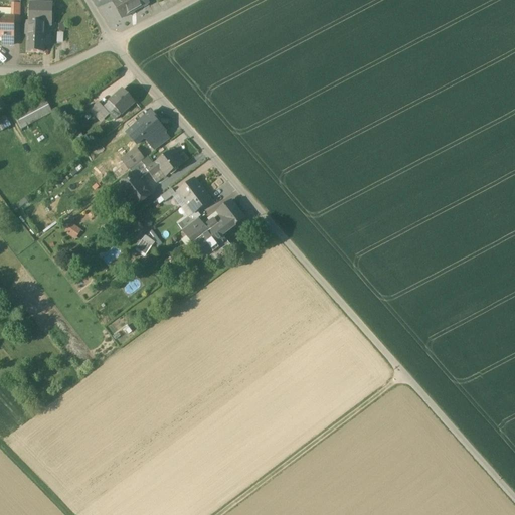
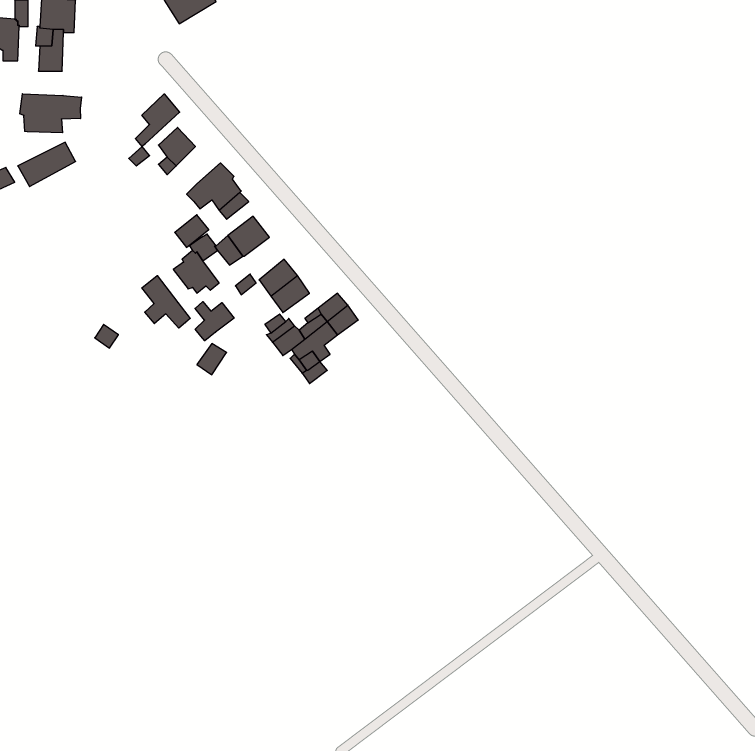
building: none -> [20,94,82,133]
building: none -> [135,94,180,147]
building: none -> [142,276,190,328]
building: none -> [195,302,234,341]

